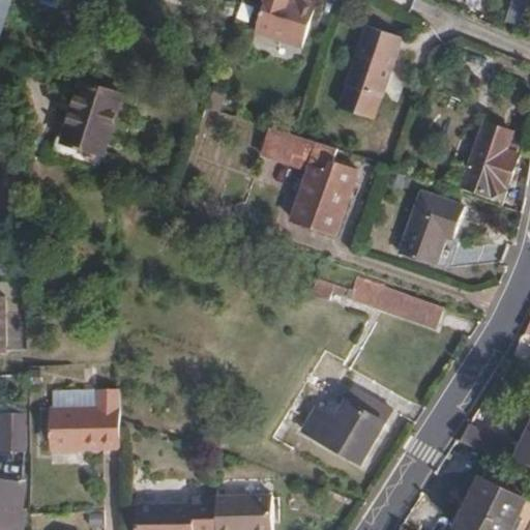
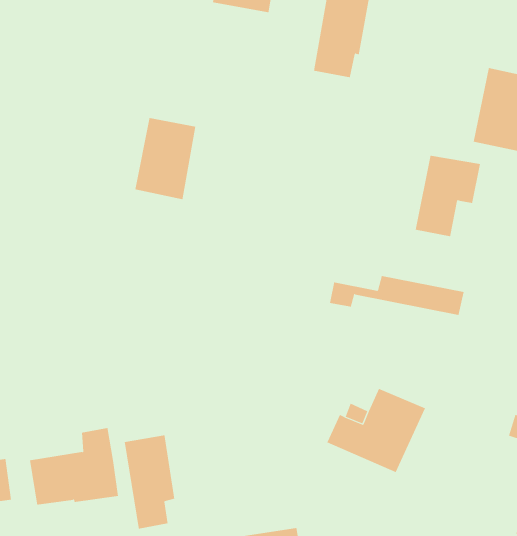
building: [63,82,123,156] -> [135,117,196,200]
building: [276,134,358,235] -> none
building: none -> [124,435,175,529]

